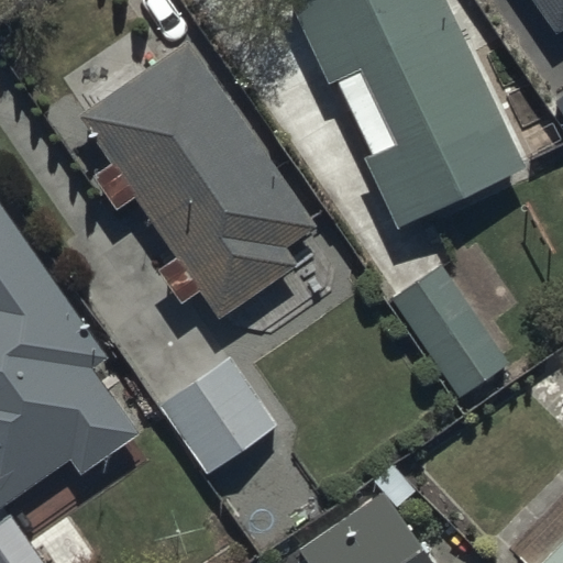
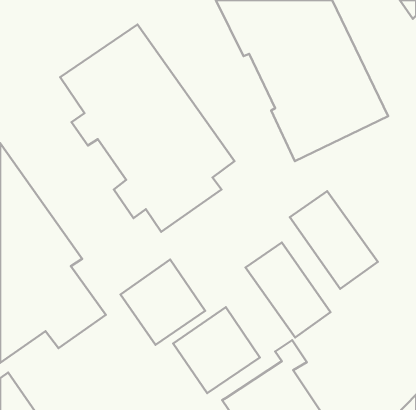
building: none -> [246,242,331,338]
building: none -> [173,307,260,393]

